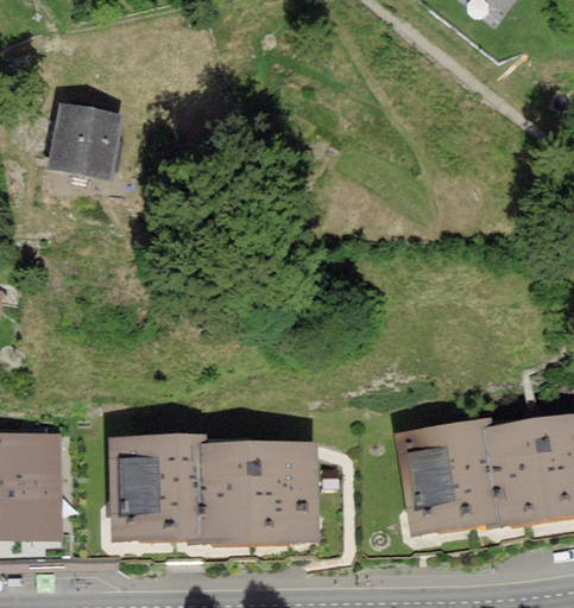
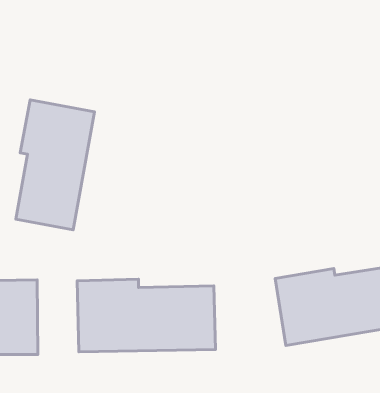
building: [52,103,119,172] -> none
building: none -> [16,100,94,230]

